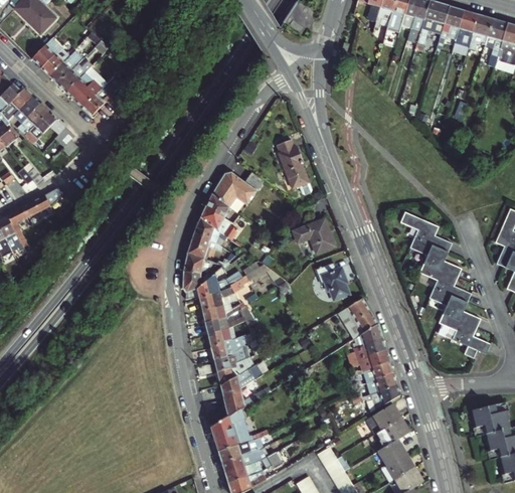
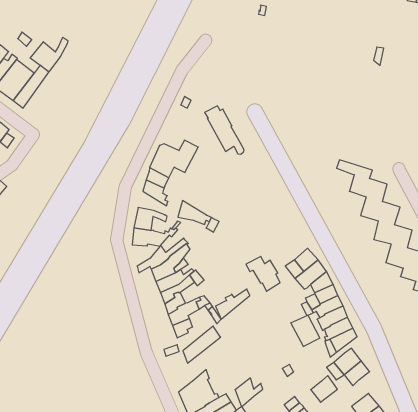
building: none -> [30,37,68,72]
building: [195,217,229,244] -> [178,201,212,224]
building: [294,219,335,254] -> none
building: [315,264,347,300] -> [246,256,280,291]
building: [184,271,212,293] -> none
building: [217,358,253,385] -> [216,289,250,319]
building: none -> [291,315,320,347]
building: [224,388,252,417] -> [235,378,263,407]
building: [377,439,404,465] -> [311,376,337,402]

